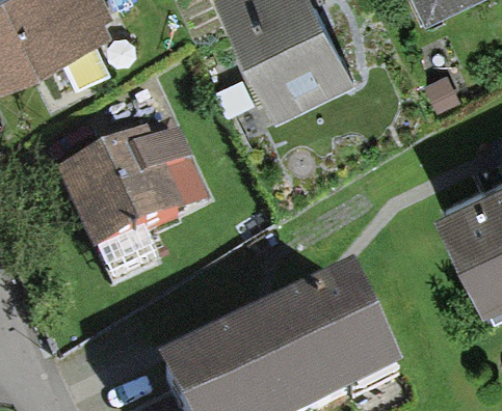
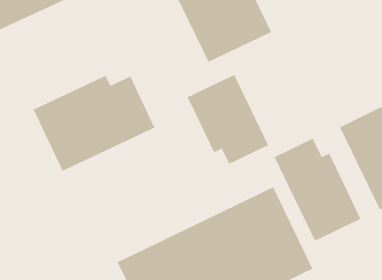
building: none -> [187,74,269,165]
building: none -> [274,138,361,241]

